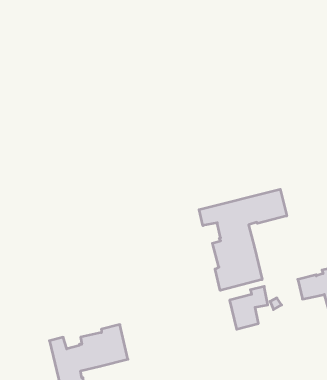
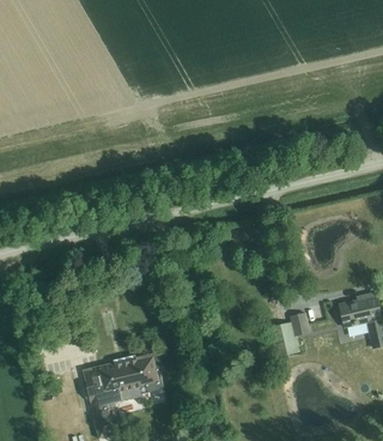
building: [199,189,287,290] -> none

